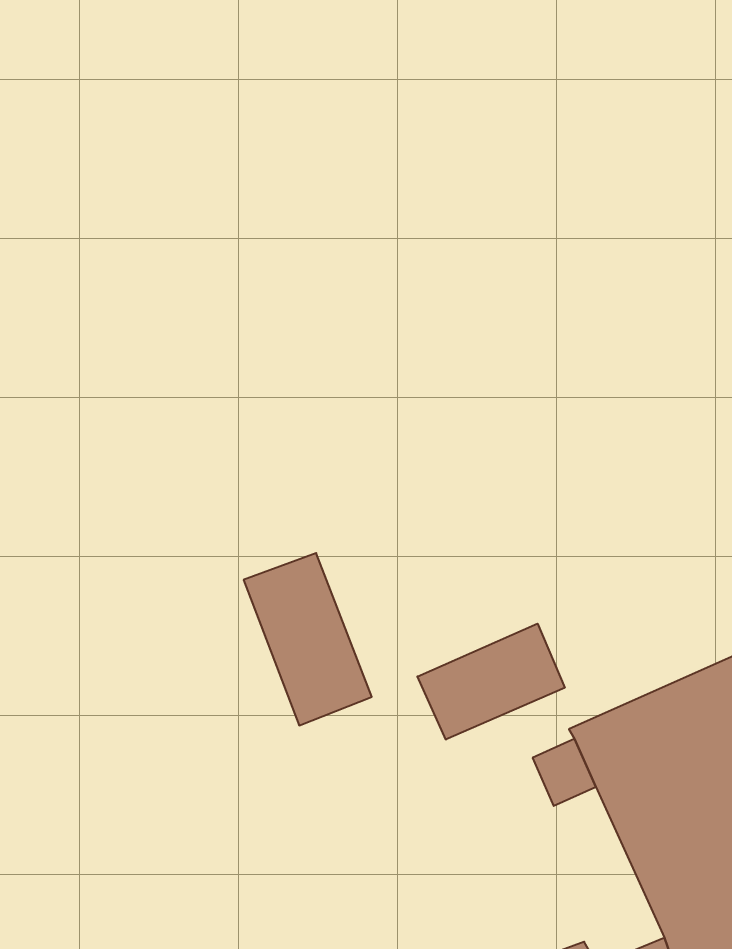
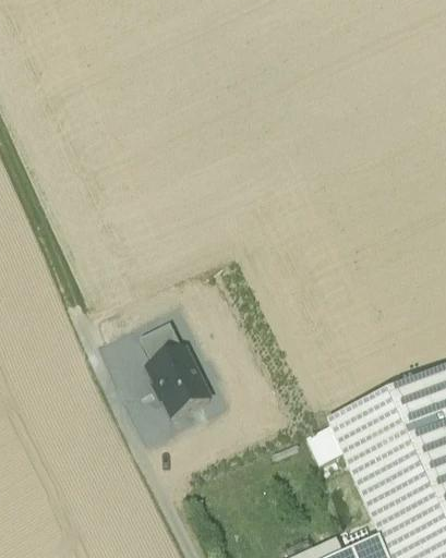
building: [417,624,565,740] -> none

